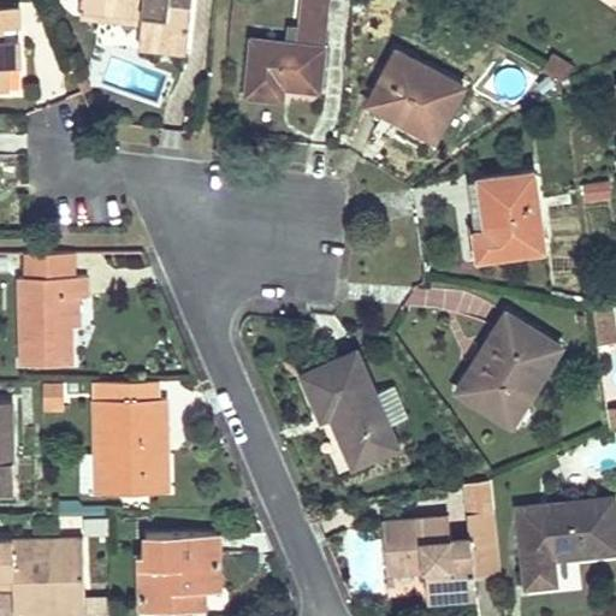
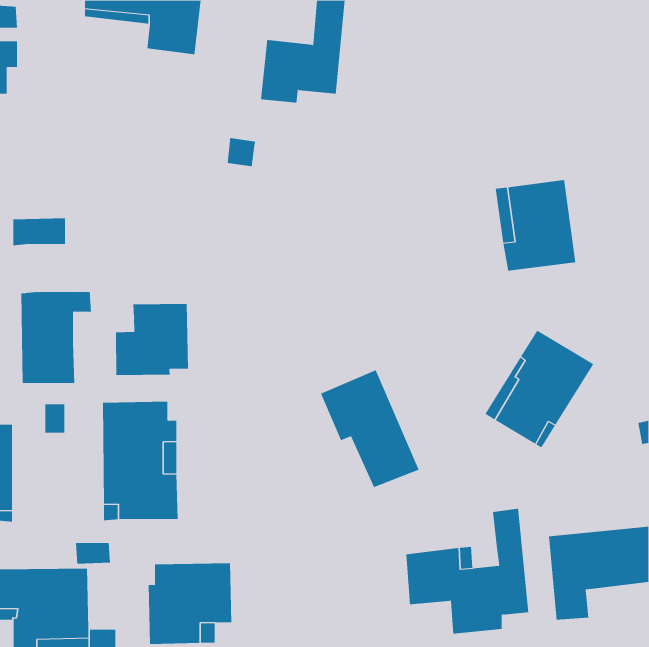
building: [368,54,461,141] -> none
building: [23,254,73,280] -> [12,218,66,246]
building: none -> [115,303,188,376]

